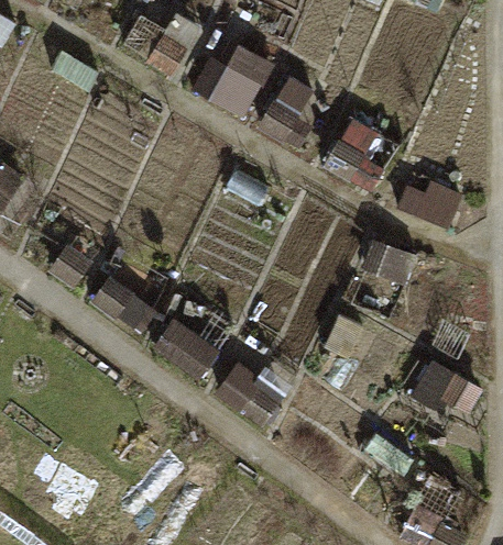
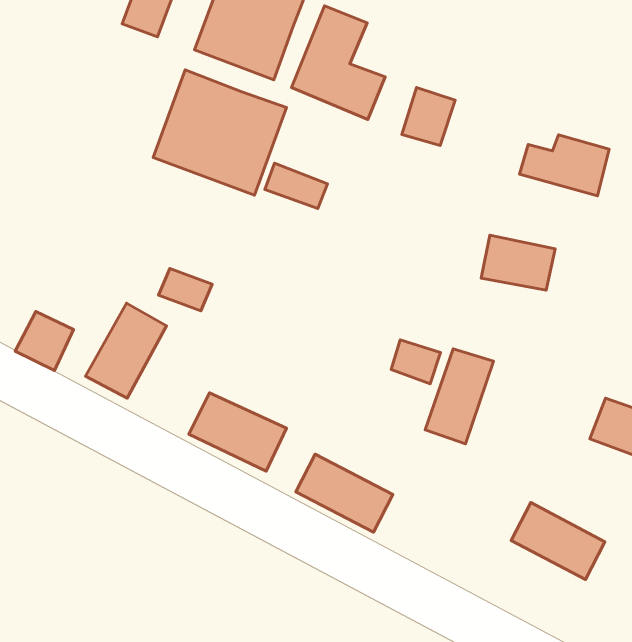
building: none -> [153,70,286,195]

